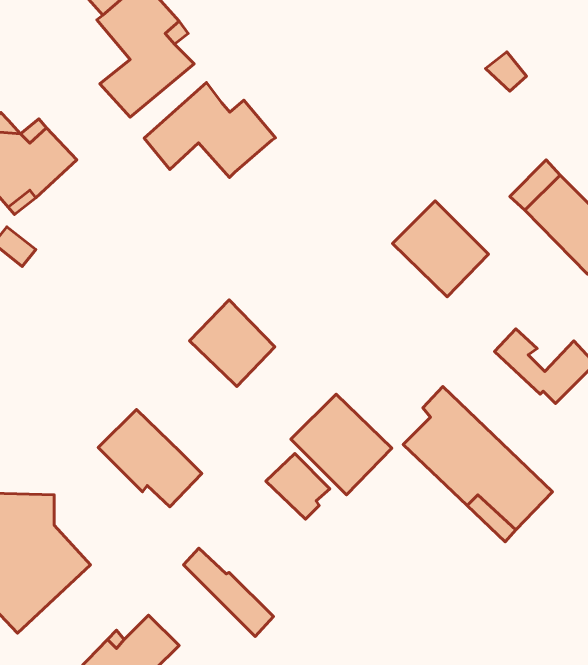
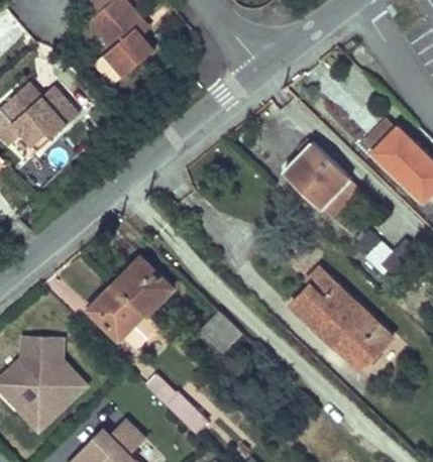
building: [144,82,275,177] -> none
building: [190,300,275,387] -> [115,254,172,312]
building: [291,394,392,495] -> none

